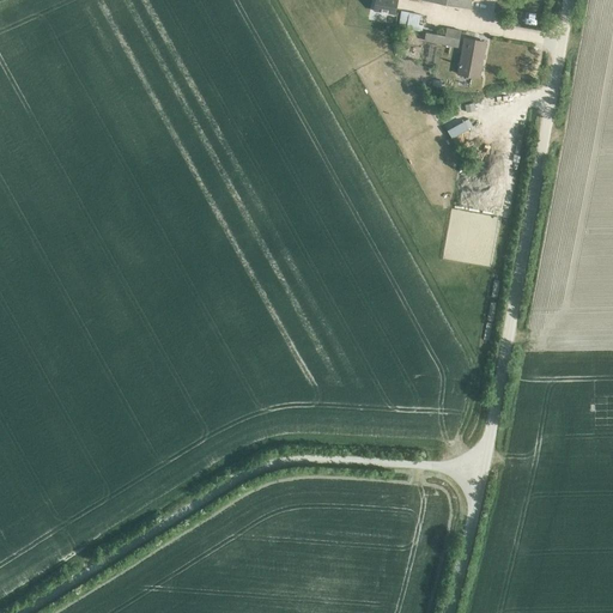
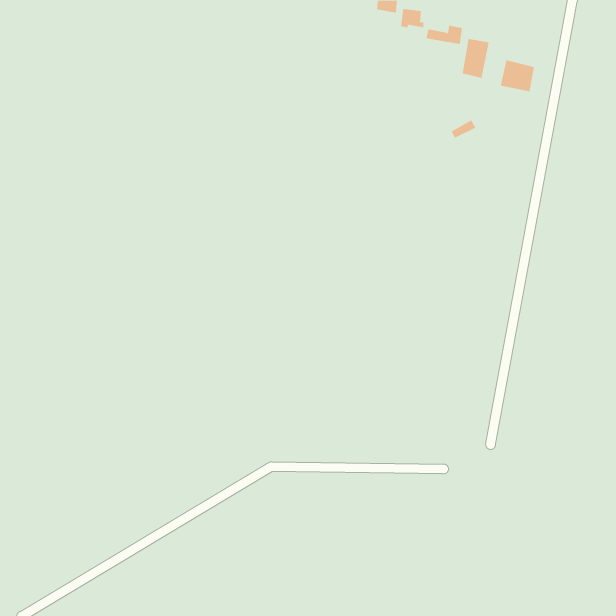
building: none -> [500,60,534,92]

